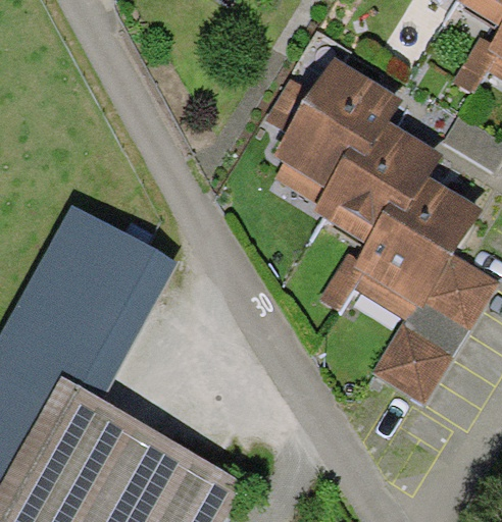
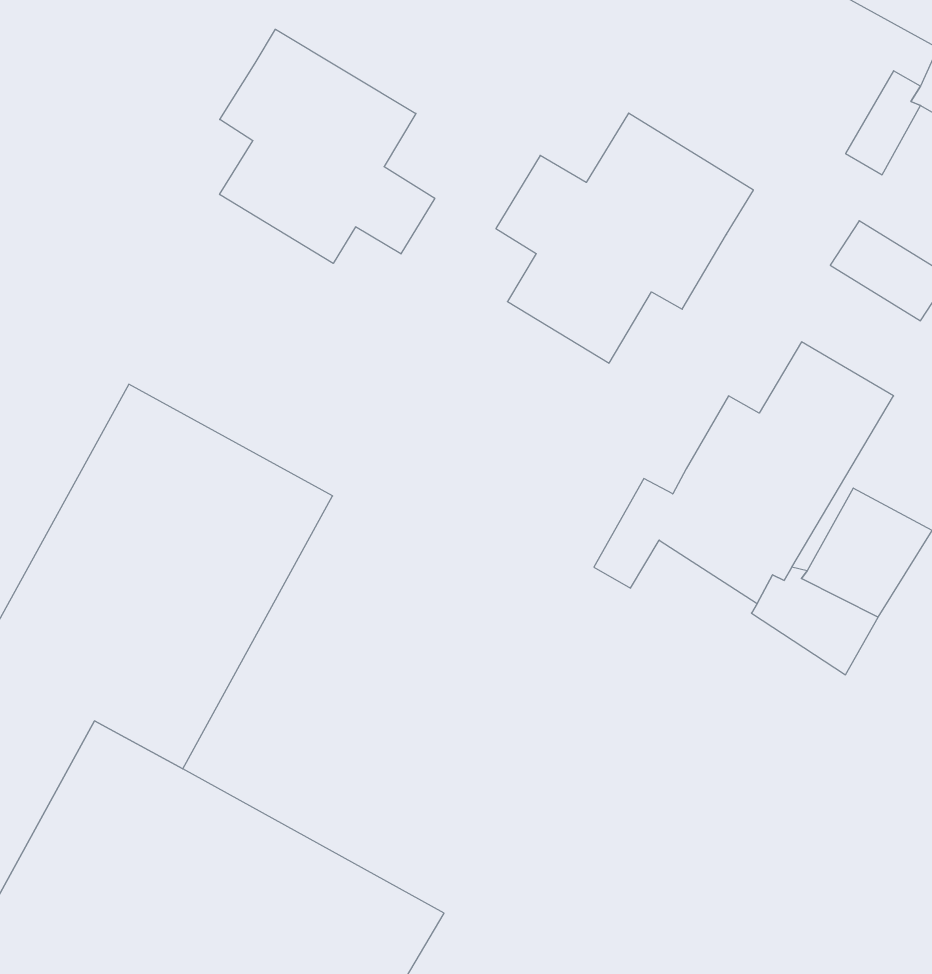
building: none -> [220,29,435,263]
building: [314,125,441,250] -> none
building: [372,326,452,404] -> none

